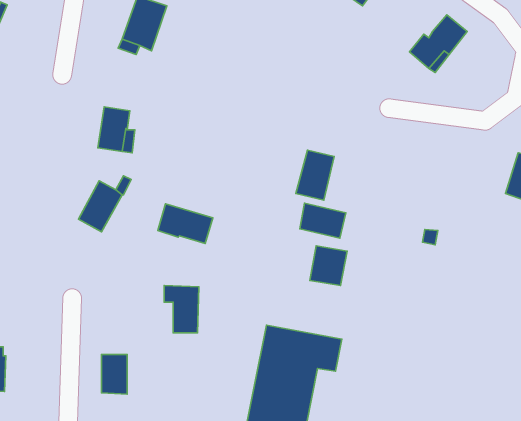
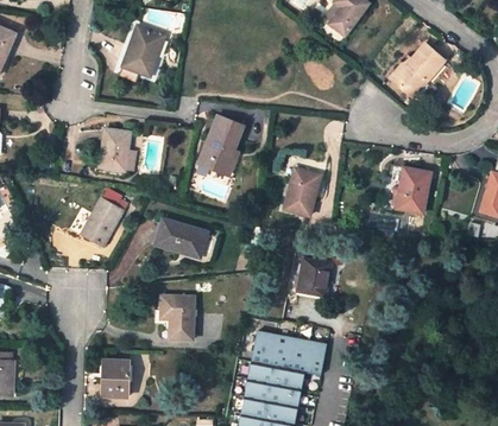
building: none -> [200,115,242,174]
building: none -> [398,166,430,212]
building: [300,203,346,238] -> none

